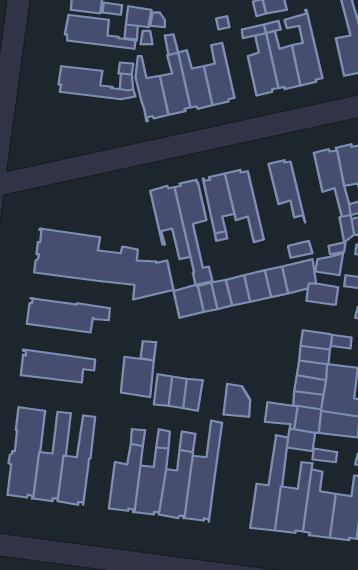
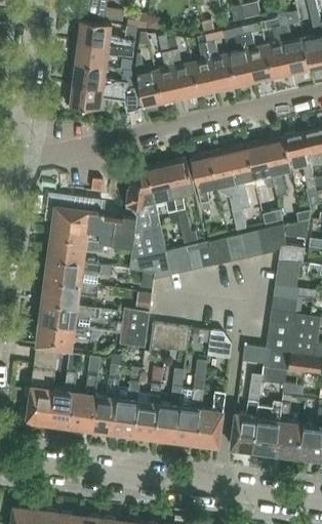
building: none -> [278,12,310,75]
building: none -> [72,42,133,68]
building: none -> [207,42,236,91]
building: none -> [67,85,139,113]
building: none -> [265,136,291,195]
building: none -> [229,146,254,209]
building: none -> [125,168,161,229]
building: none -> [46,237,105,264]
building: none -> [130,251,171,278]
building: none -> [275,260,299,288]
building: none -> [40,280,108,307]
building: none -> [35,323,102,350]
building: none -> [90,365,121,435]
building: none -> [196,393,225,449]

